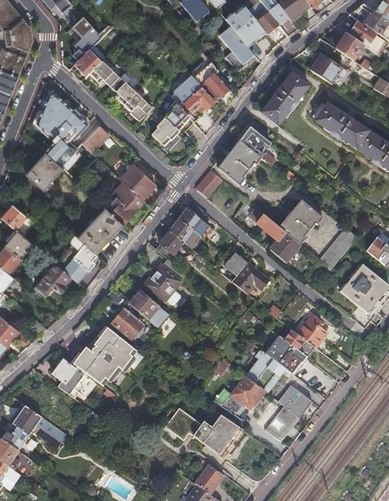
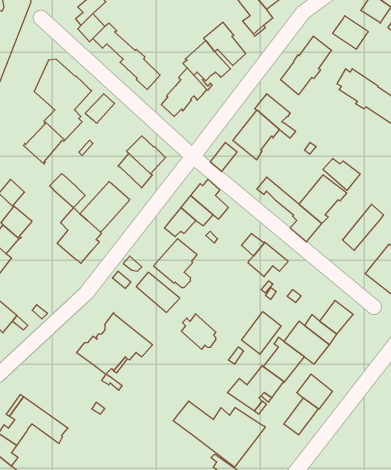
building: none -> [323,158,360,190]
building: [101,191,134,222] -> [50,174,85,207]
building: [35,262,72,295] -> none
building: [112,306,144,339] -> [181,314,216,349]
building: none -> [242,312,281,354]
building: [52,357,89,393] -> none

